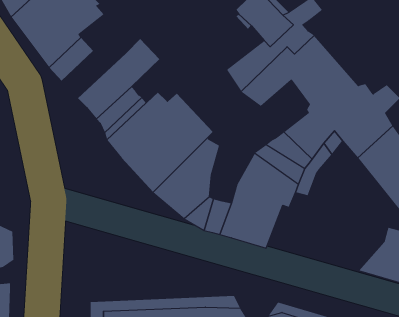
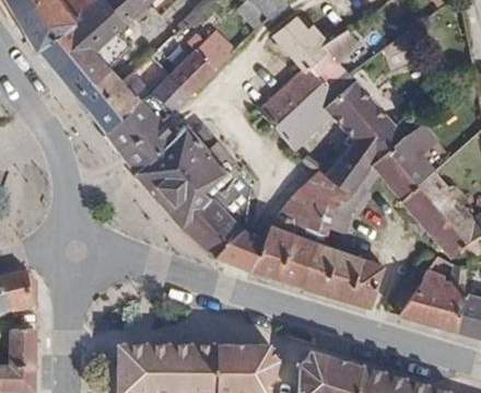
building: none -> [169,41,226,95]
building: none -> [87,71,154,136]
building: none -> [301,247,383,312]

